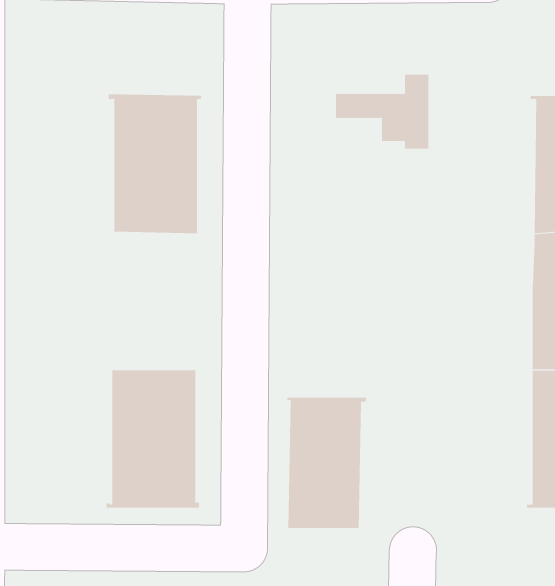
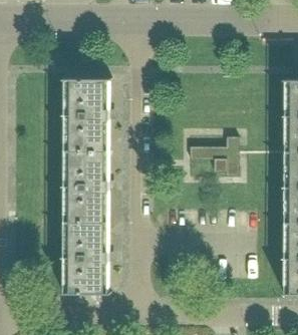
building: [335,74,429,149] -> [190,136,239,176]
building: none -> [65,148,110,221]
building: [287,397,366,529] -> none

